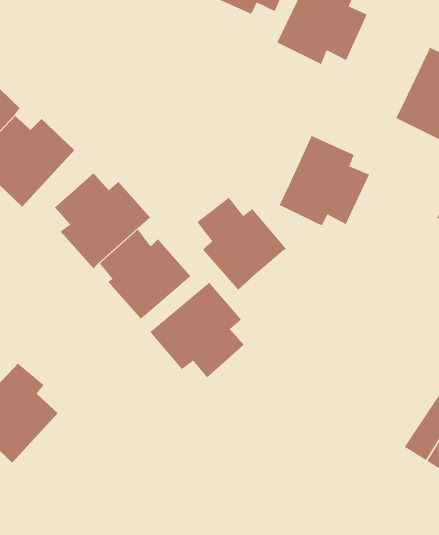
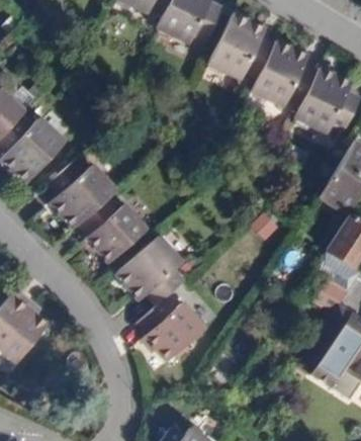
building: [279,135,370,226] -> [252,40,318,106]
building: [196,197,287,290] -> none
building: none -> [138,298,204,364]

